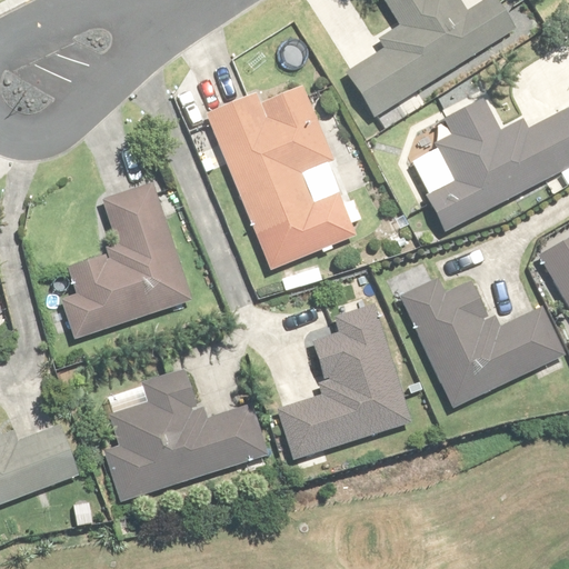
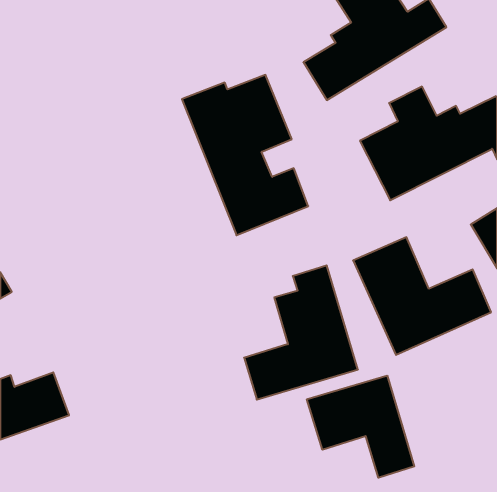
building: [60,183,191,339] -> none
building: [104,369,267,500] -> none
building: none -> [307,376,414,478]

